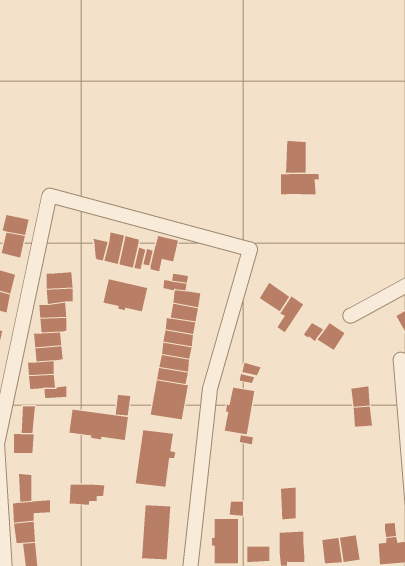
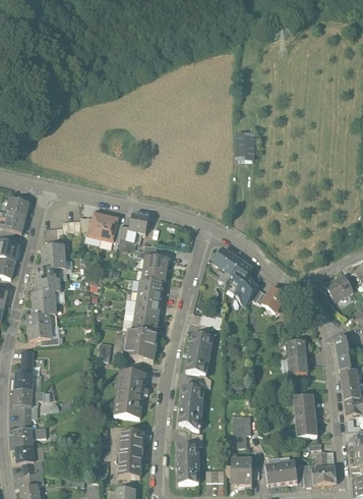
building: [280,173,319,195] -> none
building: [103,278,148,312] -> none
building: [69,409,129,441] -> none
building: none -> [179,391,202,431]
building: none -> [292,394,317,437]
building: [69,484,105,505] -> [14,394,44,411]

